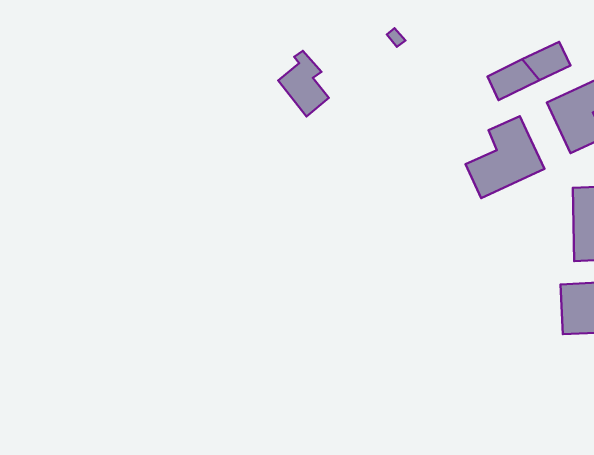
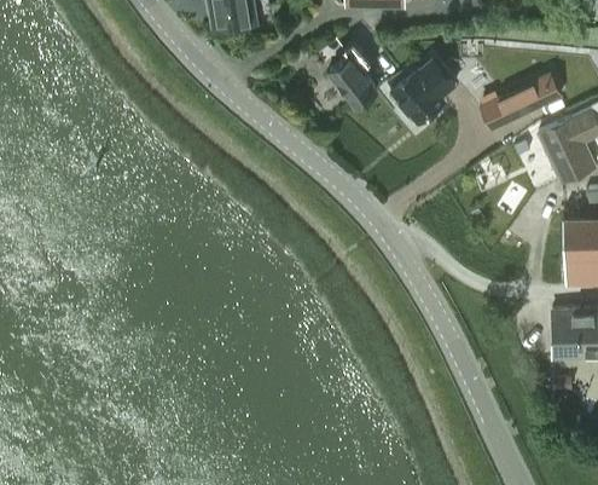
building: none -> [389,62,447,122]
building: [278,51,329,116] -> [327,42,377,106]
building: [465,116,544,198] -> none

